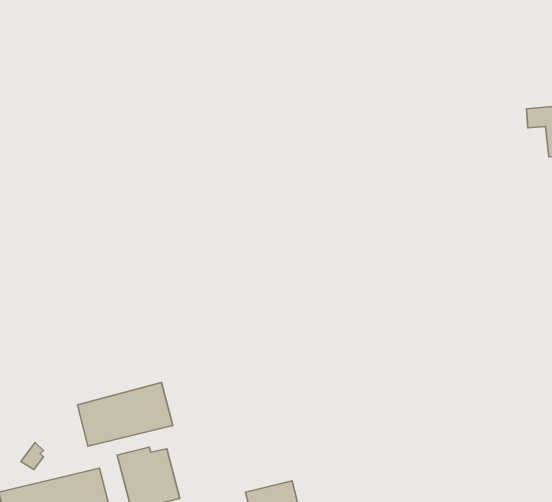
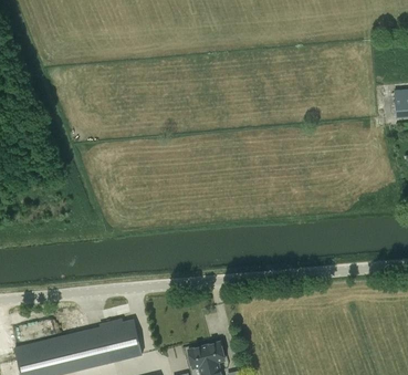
building: [77,383,173,446] -> none

